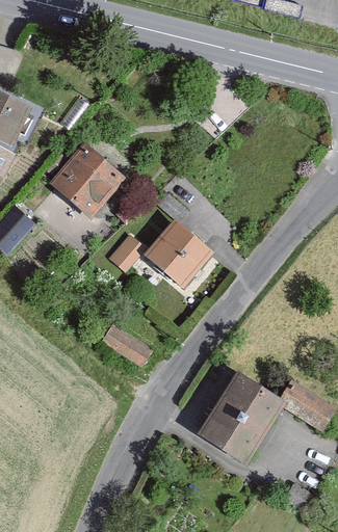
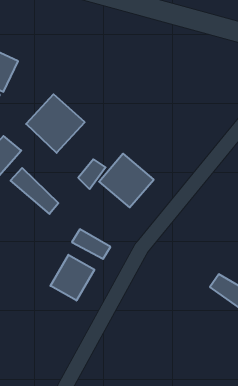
building: none -> [11,168,58,214]
building: none -> [50,255,94,301]
building: [200,374,284,463] -> none

